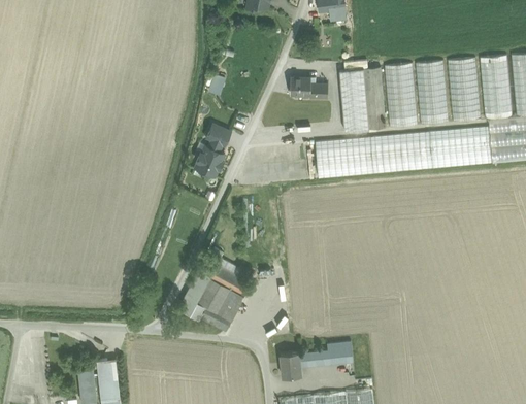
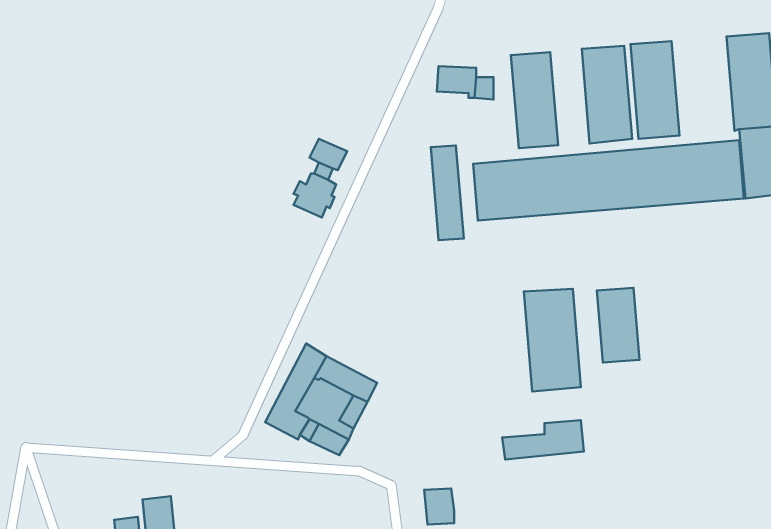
building: [447,59,481,122] -> none
building: [364,67,386,129] -> [431,145,464,240]
building: none -> [597,288,640,362]
building: none -> [524,289,581,392]
building: [299,342,353,368] -> [502,420,584,459]

